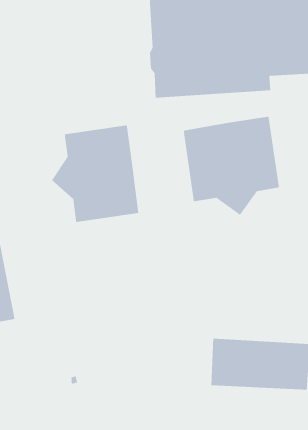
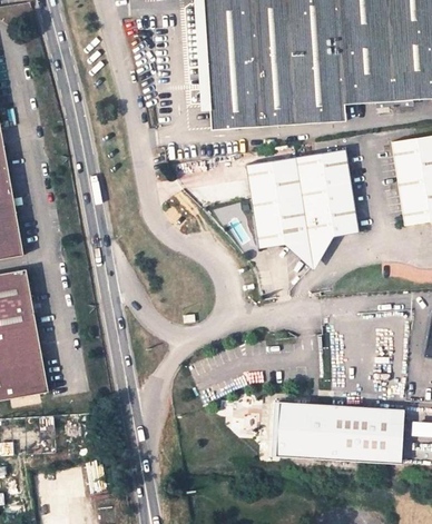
building: [51,124,139,223] -> none

